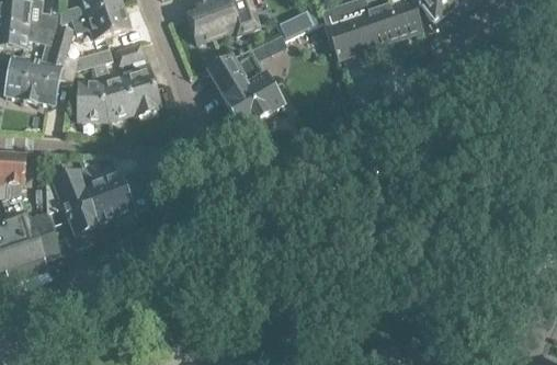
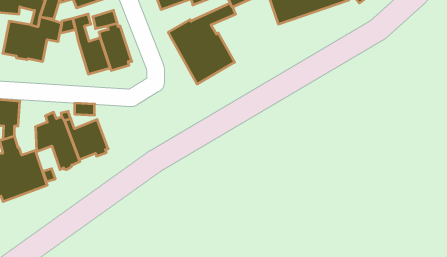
building: [78,78,110,118] -> none

